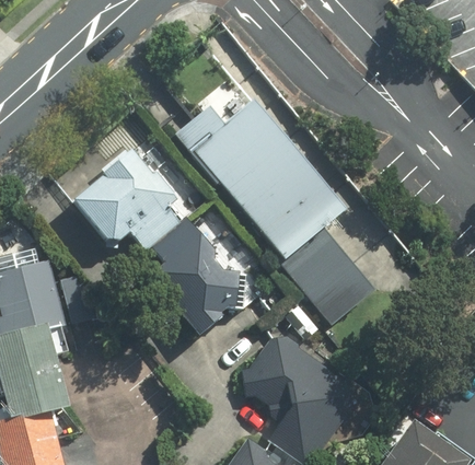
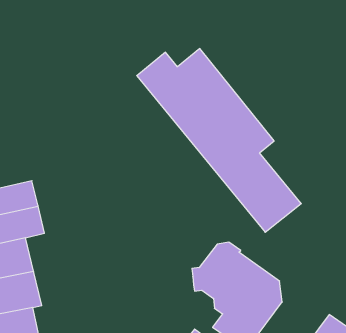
building: [73,151,239,334] -> none

